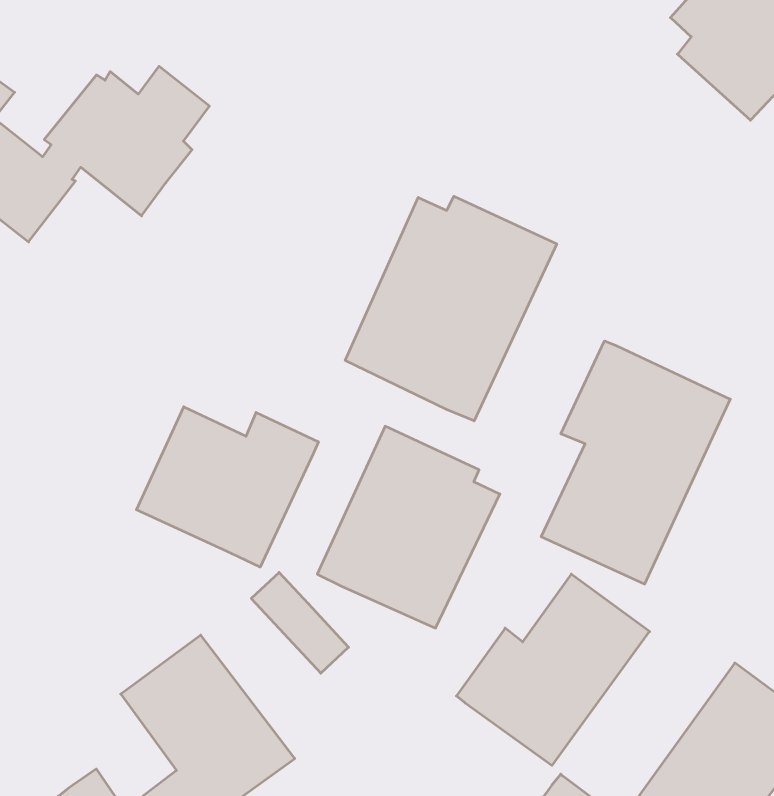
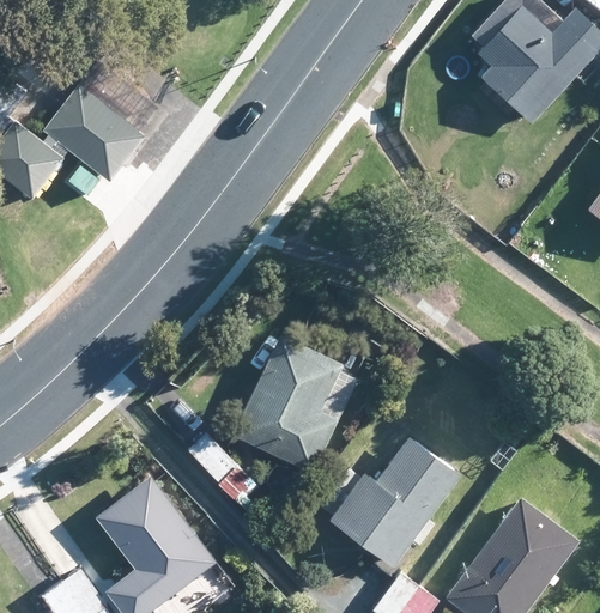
building: [345,196,557,421] -> none
building: [541,341,730,584] -> none
building: [136,407,318,567] -> none

